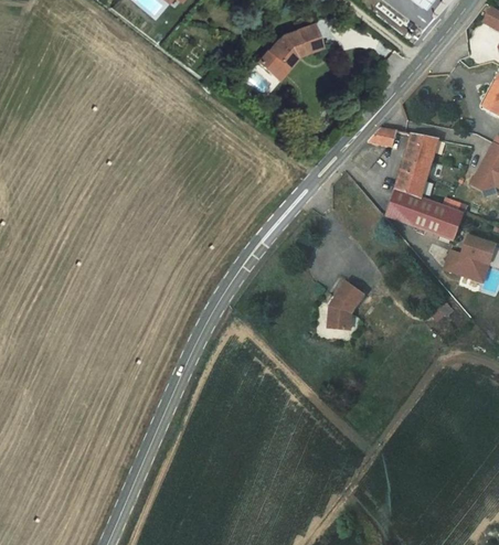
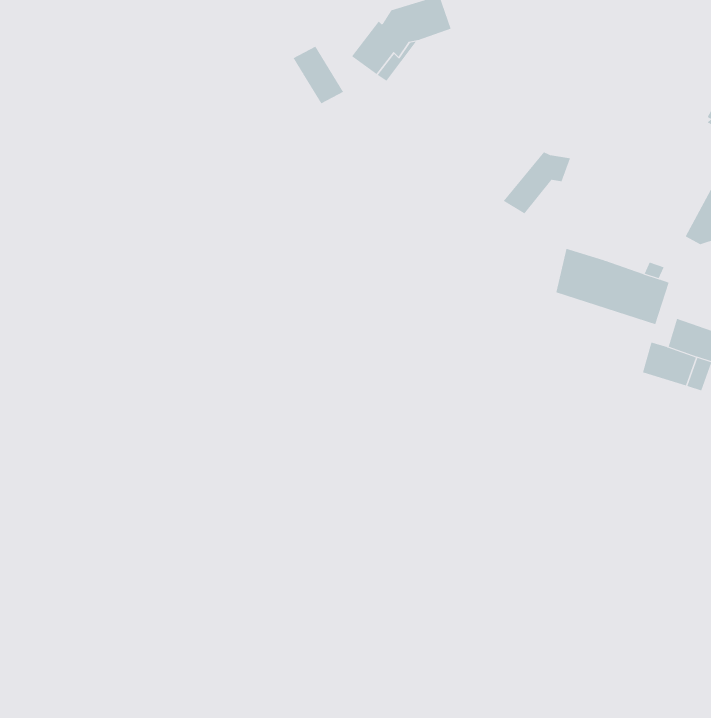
building: none -> [293,46,344,104]
building: [394,131,436,196] -> none
building: [333,280,368,327] -> none

